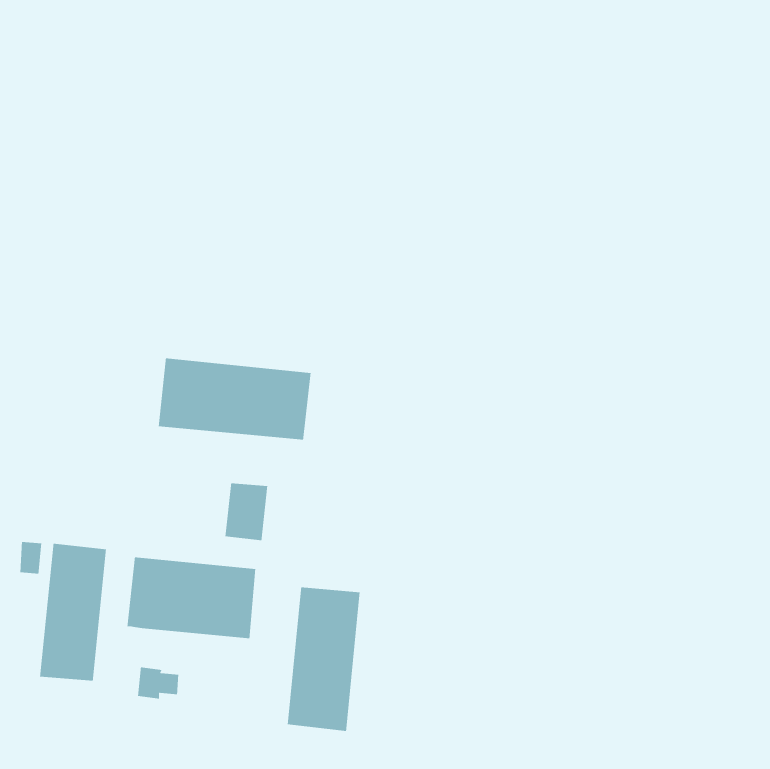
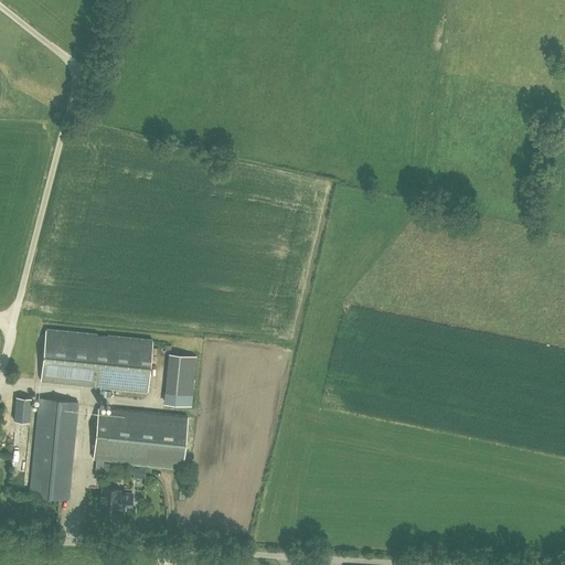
building: [158,357,311,440] -> [40,330,152,391]
building: [287,586,361,732] -> none

